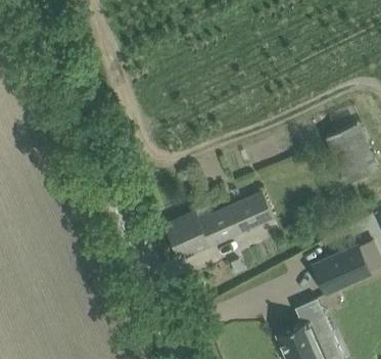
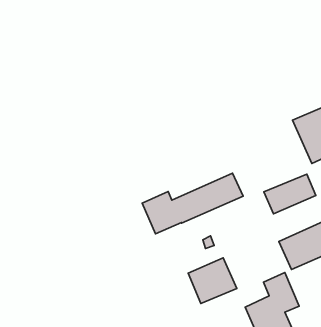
building: none -> [264,174,316,214]
building: none -> [188,258,237,303]

